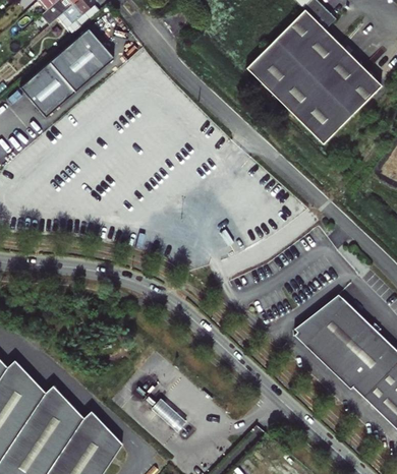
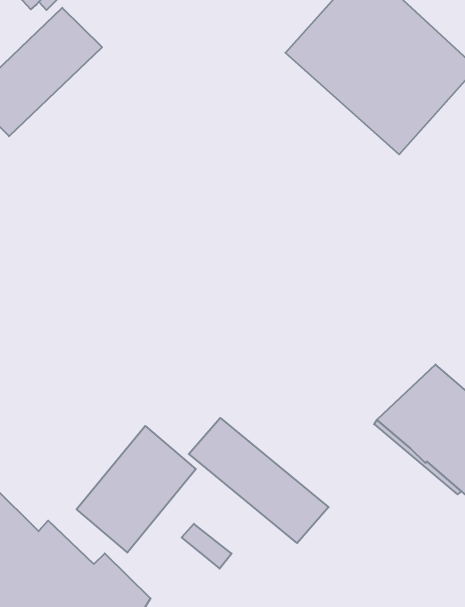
building: none -> [189,418,329,543]
building: none -> [77,426,196,553]

